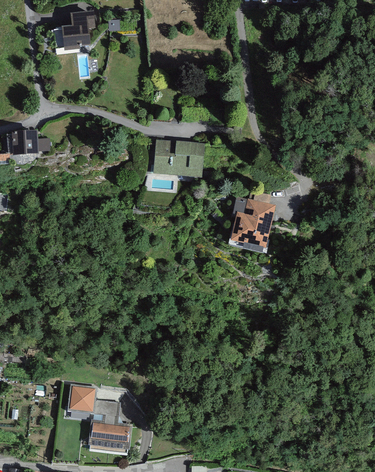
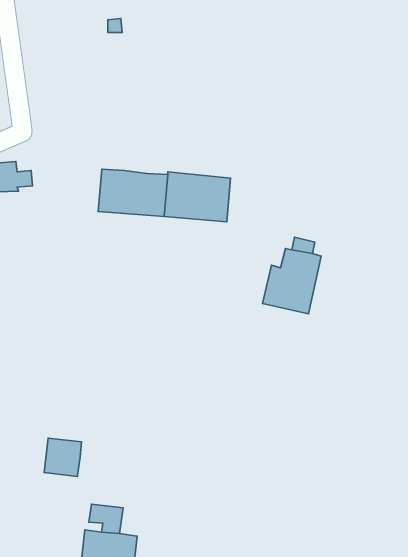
building: [53,12,95,51] -> none
building: none -> [98,169,168,217]
building: [68,384,97,414] -> [44,438,81,476]

